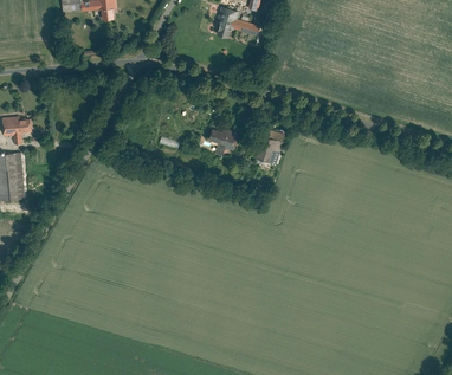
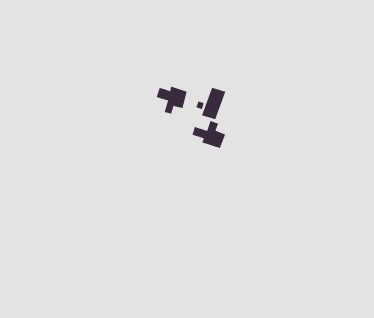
building: none -> [192,120,226,149]

